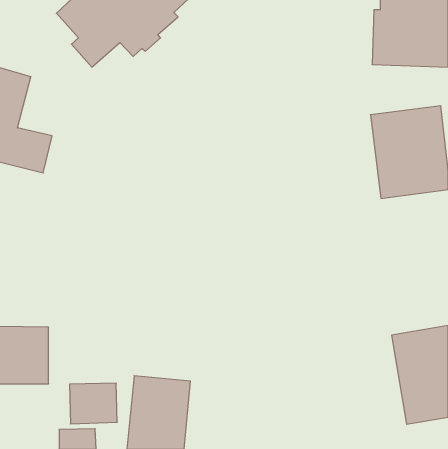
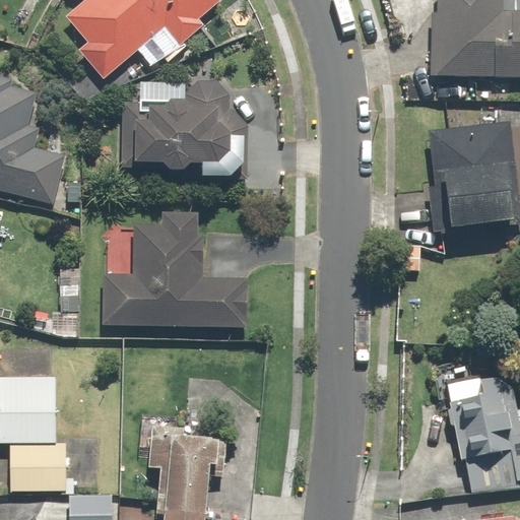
building: none -> [127,80,250,174]
building: none -> [110,223,251,329]
building: [70,383,117,424] -> [10,445,65,492]

